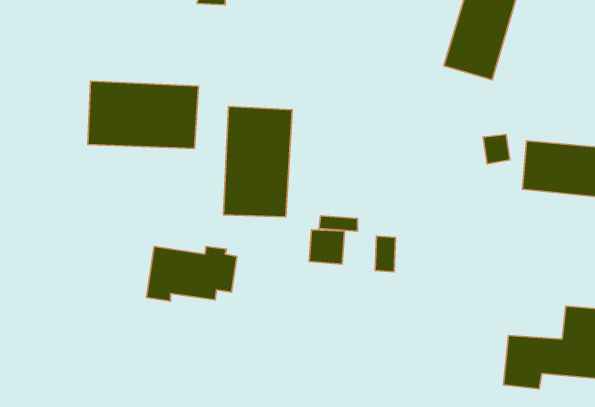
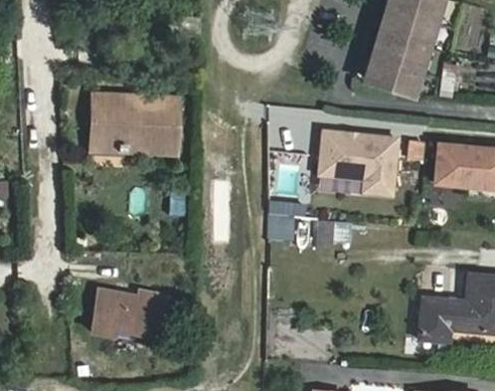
building: [224,107,292,217] -> none
building: none -> [317,130,396,194]
building: [146,246,237,301] -> [93,289,164,333]

